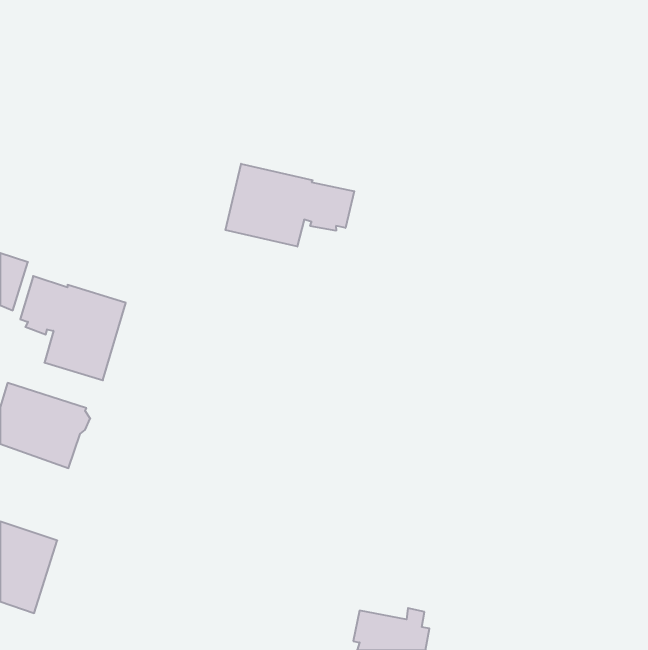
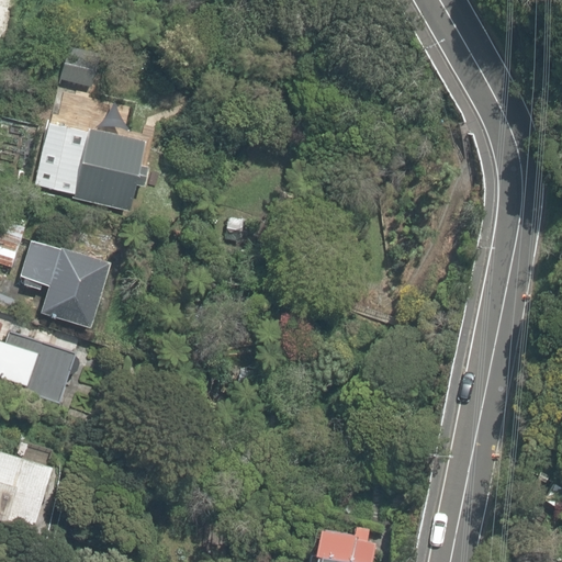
building: none -> [35,45,148,211]
building: [225,164,354,247] -> none

